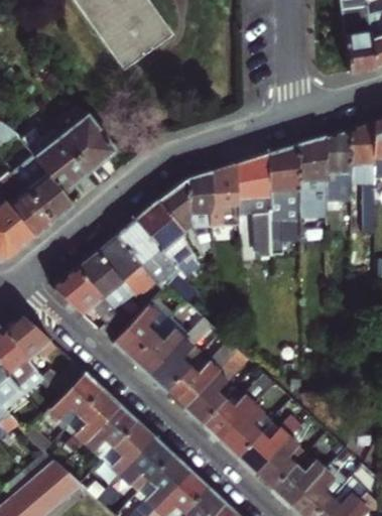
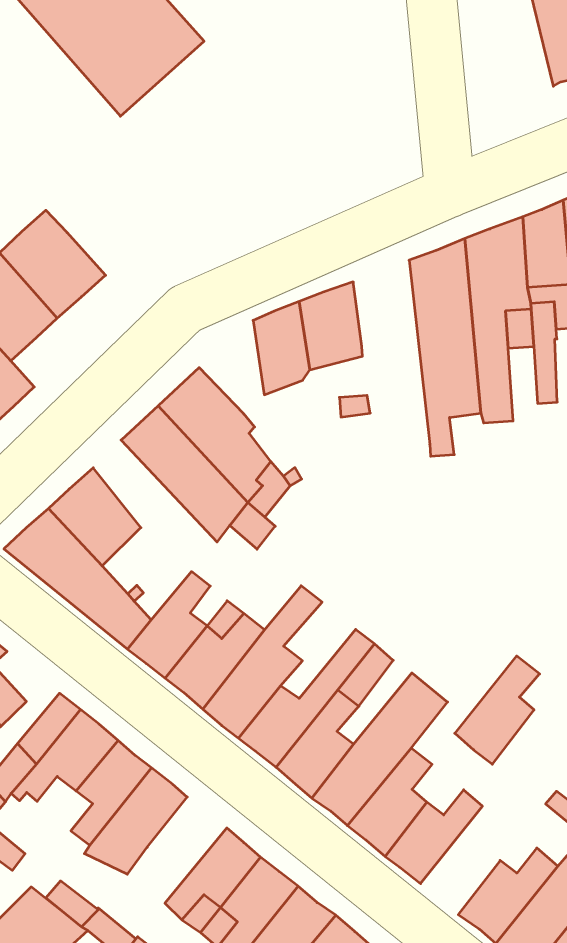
building: [240,154,273,249] -> none
building: [158,179,190,227] -> none
building: [101,236,161,299] -> none
building: [112,420,156,474] -> none
building: [253,435,298,490] -> [455,656,540,764]

